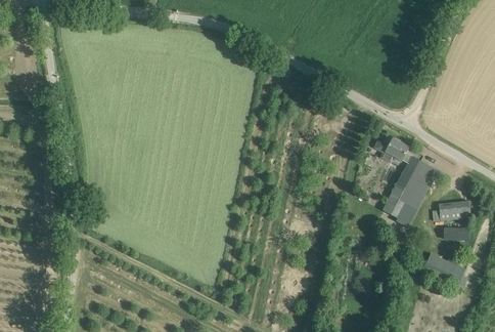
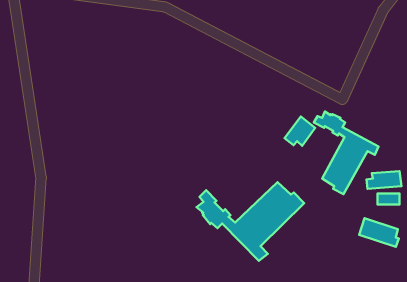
building: none -> [285,117,315,146]
building: none -> [197,182,304,261]

